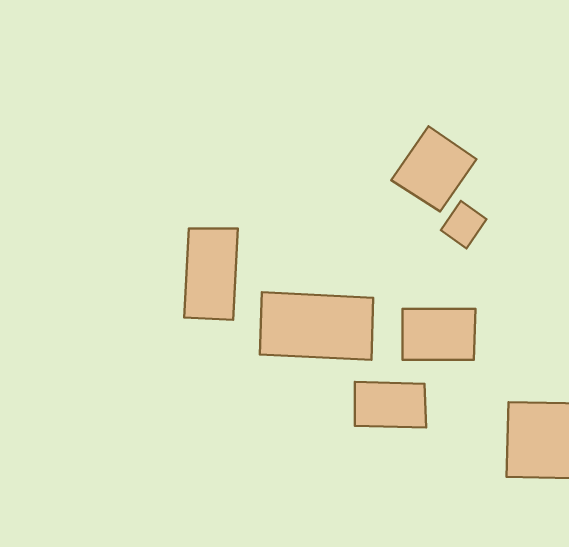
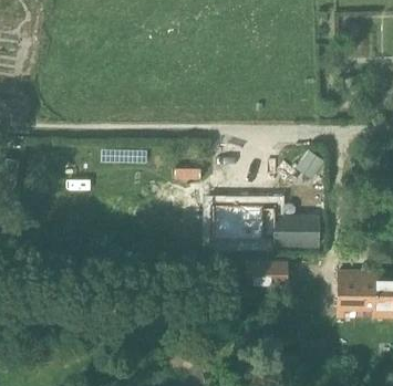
building: [391,126,476,212] -> none
building: [184,229,238,320] -> none

